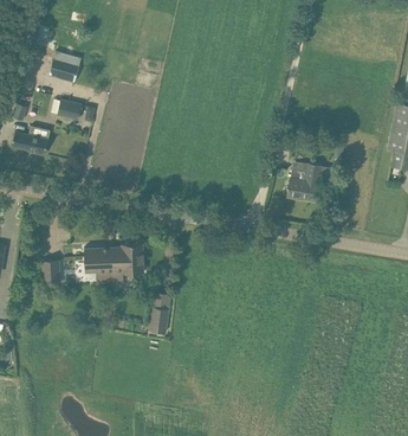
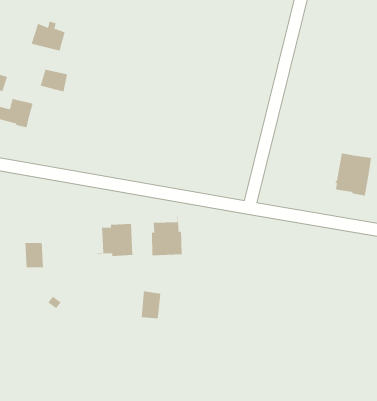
building: [287,161,322,201] -> [335,153,372,196]
building: none -> [151,214,182,256]
building: [84,246,115,272] -> none

